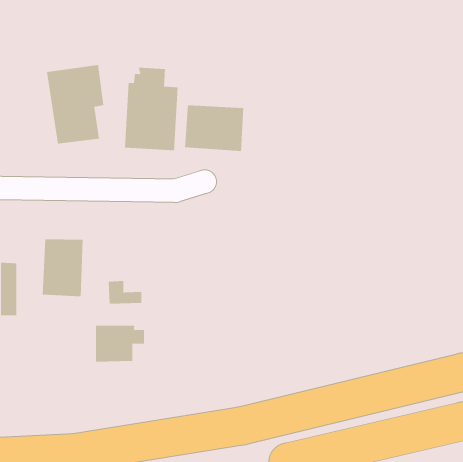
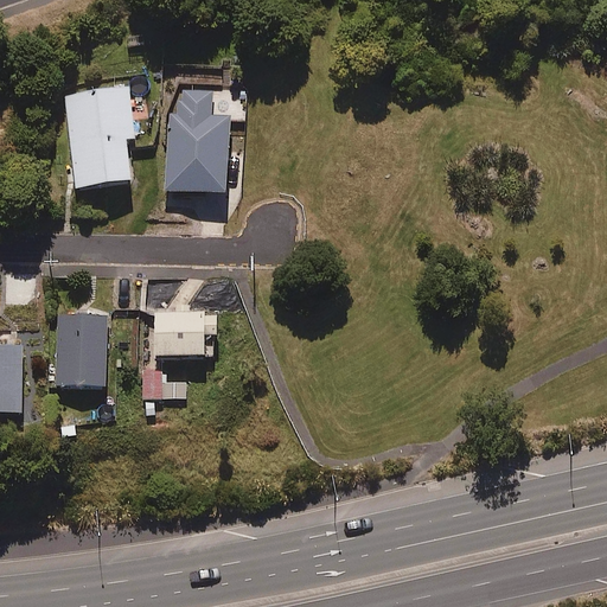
building: [184,104,244,152] -> none
building: [95,325,145,362] -> [153,311,218,359]

